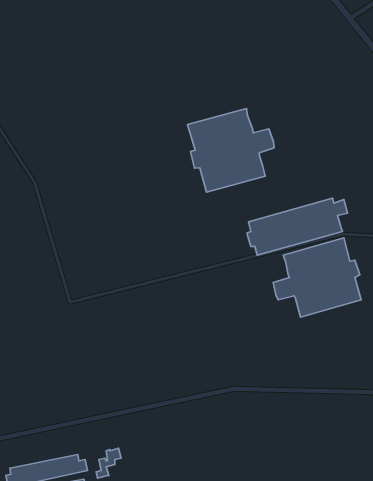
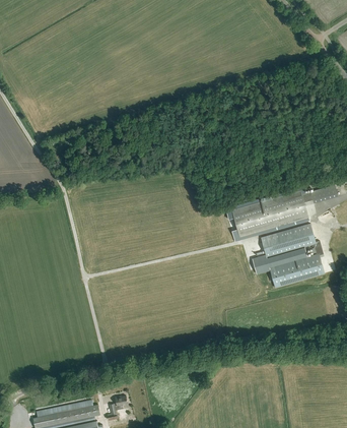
building: [188,108,274,192] -> none

